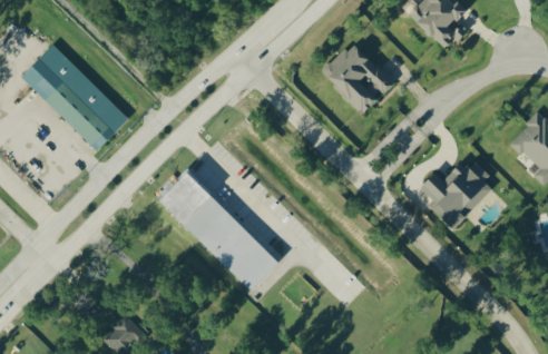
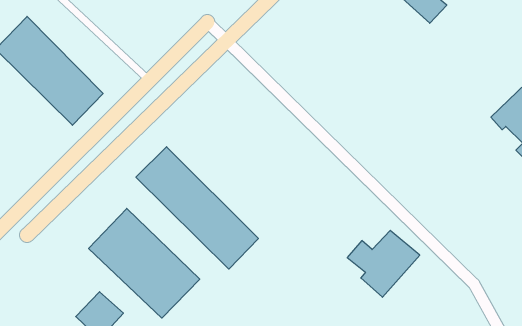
building: [321,41,395,115] -> none
building: [420,161,491,227] -> [347,230,420,297]
building: none -> [89,208,200,318]

